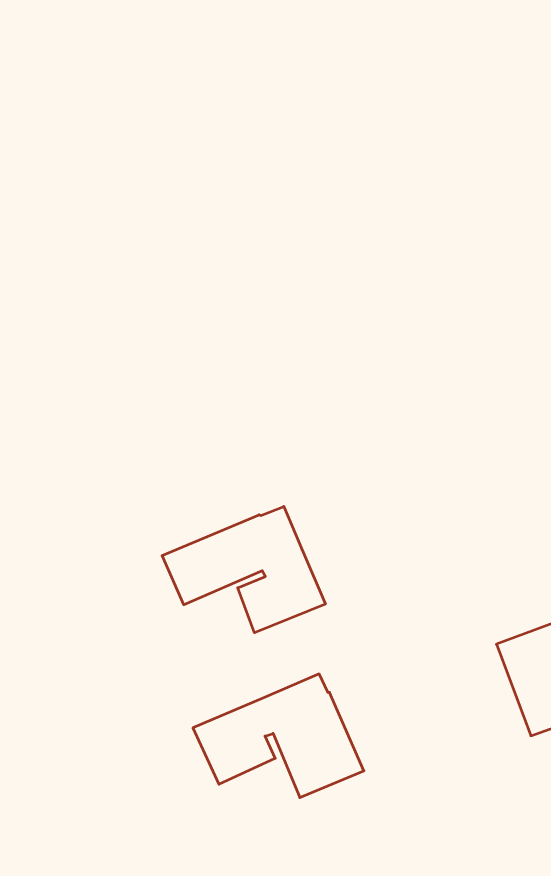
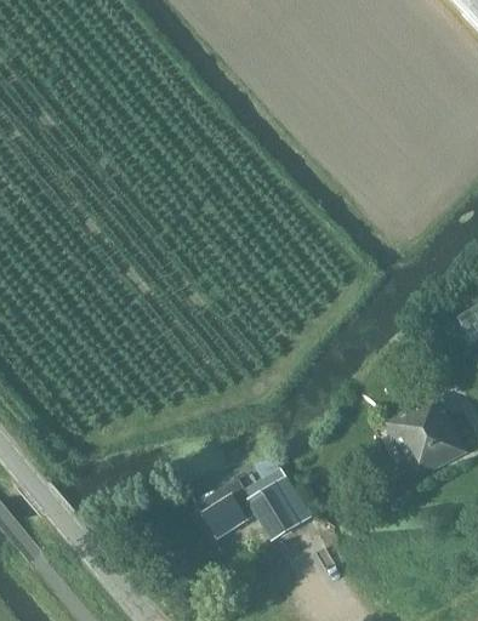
building: [162,506,325,633] -> none

